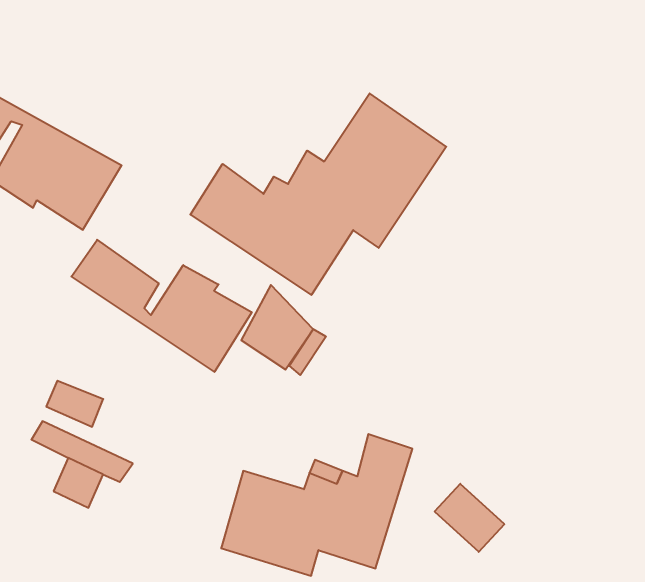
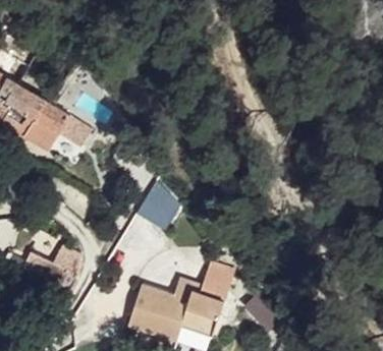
building: [190,93,446,295] -> none
building: [71,240,252,372] -> none

